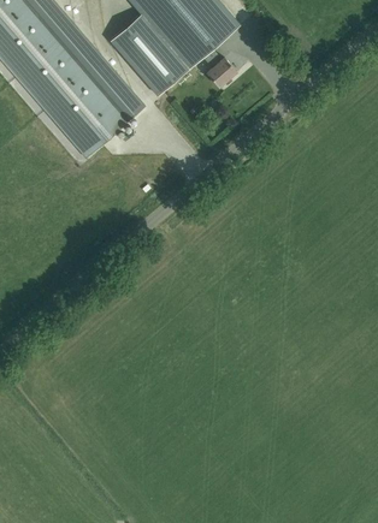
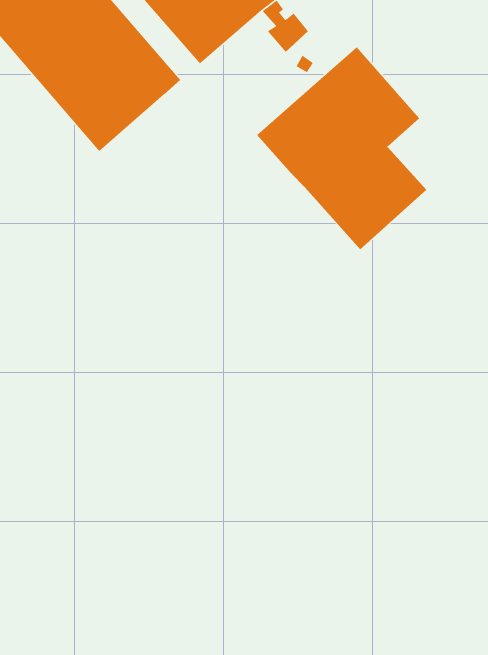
building: none -> [256,46,427,250]

